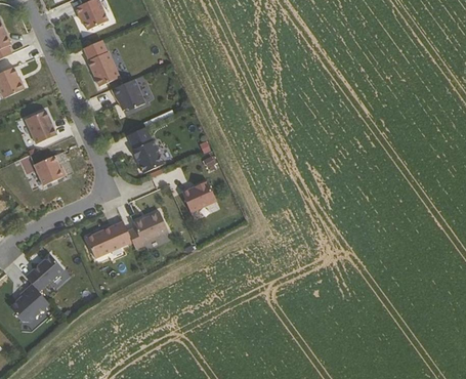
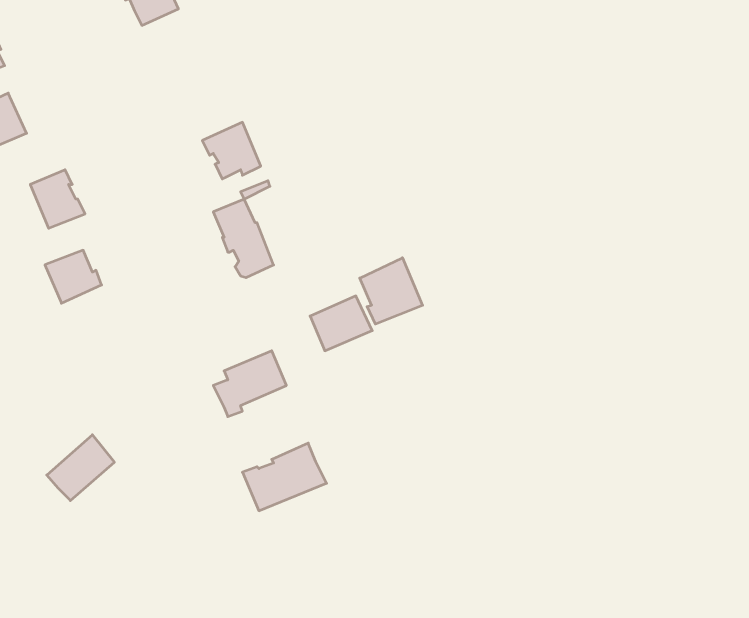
building: [86,50,117,85] -> none
building: none -> [360,258,423,324]
building: [85,220,132,258] -> [242,443,327,511]
building: [16,288,56,326] -> none

